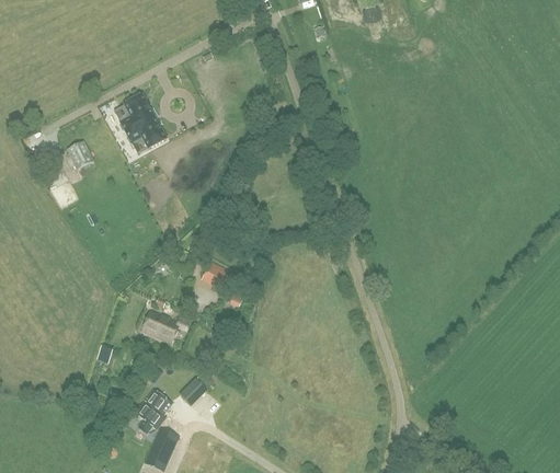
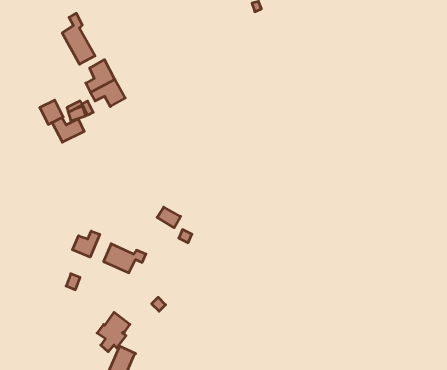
building: none -> [62,13,95,64]
building: none -> [52,118,84,142]
building: none -> [72,231,100,257]

